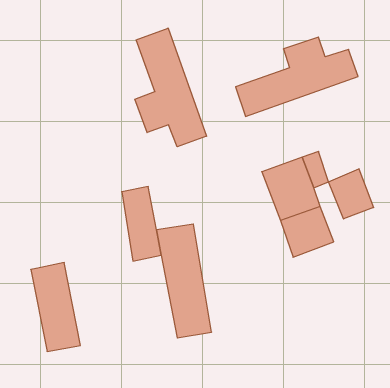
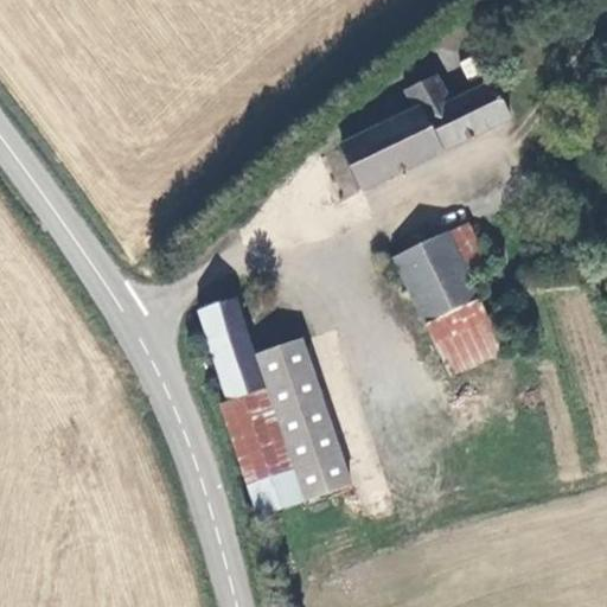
building: [135,28,207,147] -> none
building: [328,169,374,219] -> none
building: [31,263,80,351] -> [222,392,304,518]

